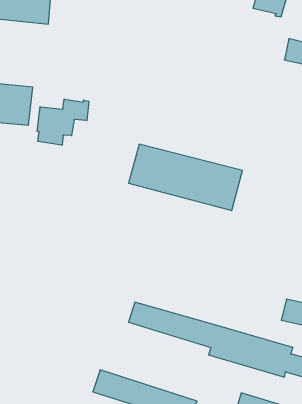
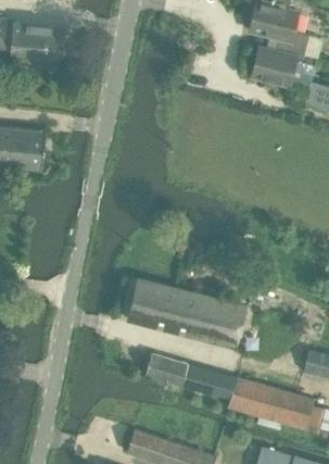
building: none -> [251,47,314,88]
building: [37,99,89,145] -> none
building: [129,144,242,211] -> [128,279,245,348]

